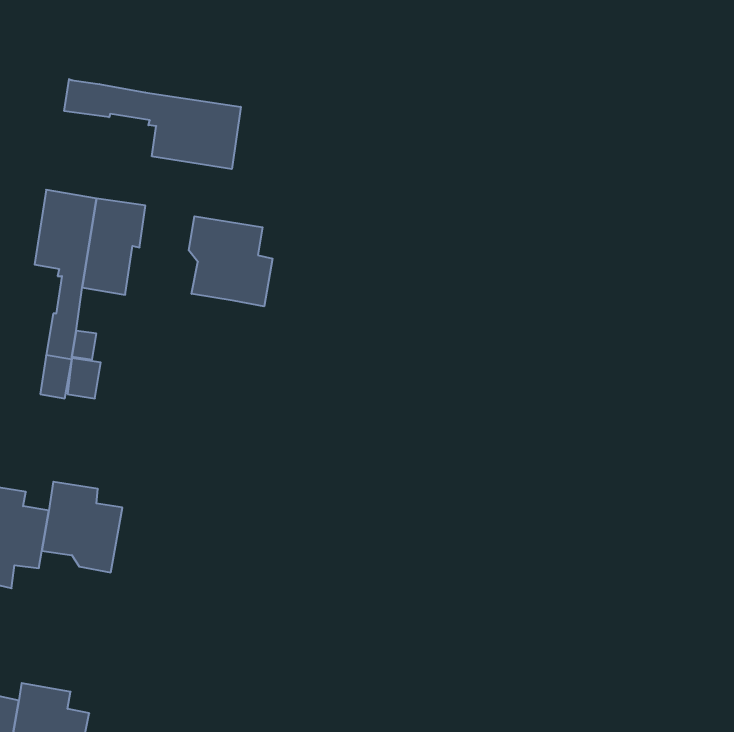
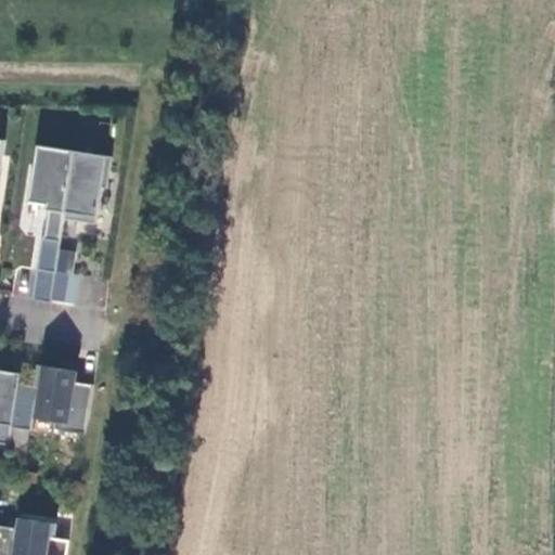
building: [64,79,241,169] -> none
building: [189,216,273,306] -> none

